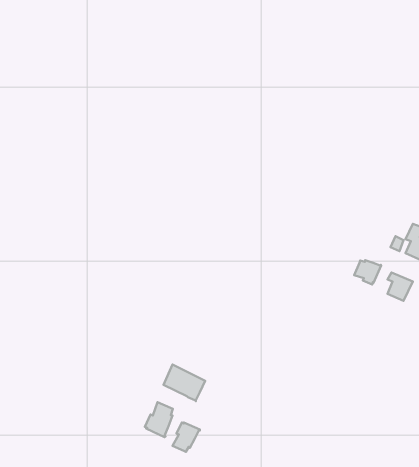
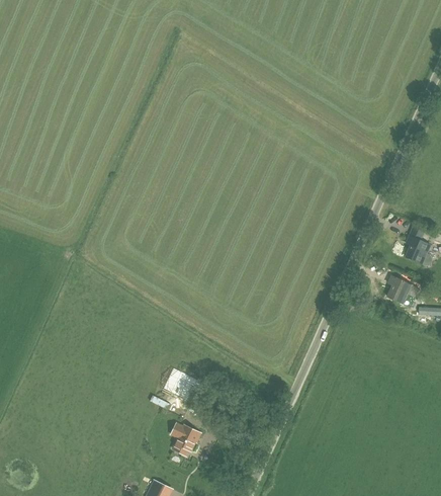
building: [354,260,381,284] -> none
building: [145,402,173,437] -> none

